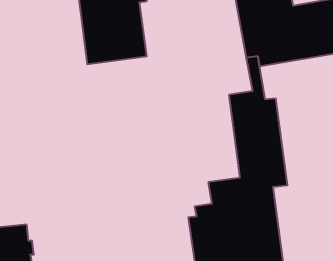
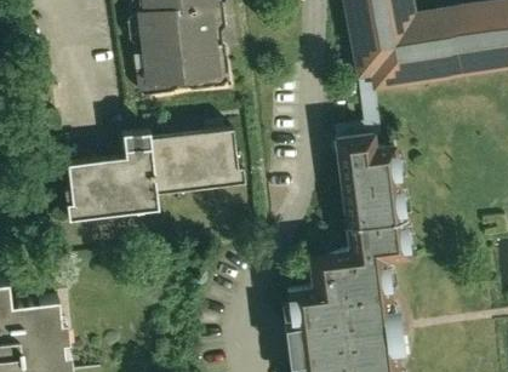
building: none -> [63,127,245,225]

